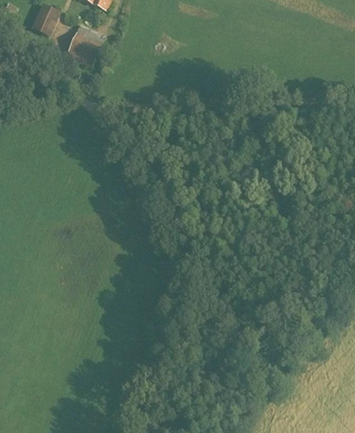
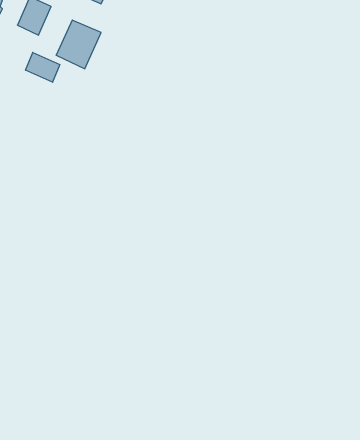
building: none -> [26,52,60,82]

